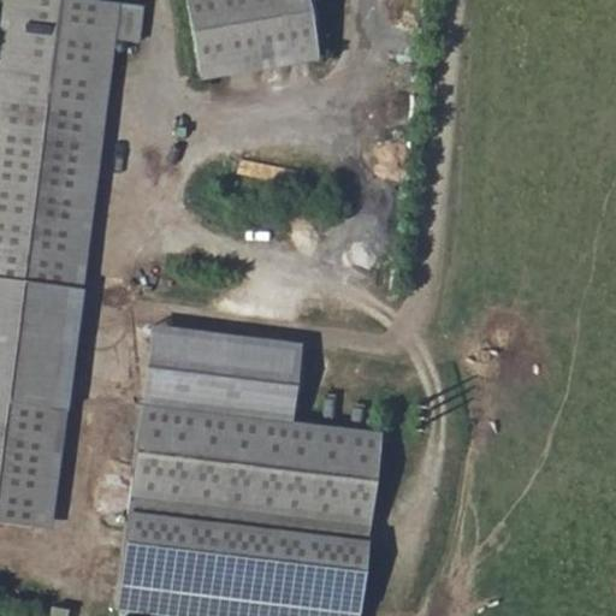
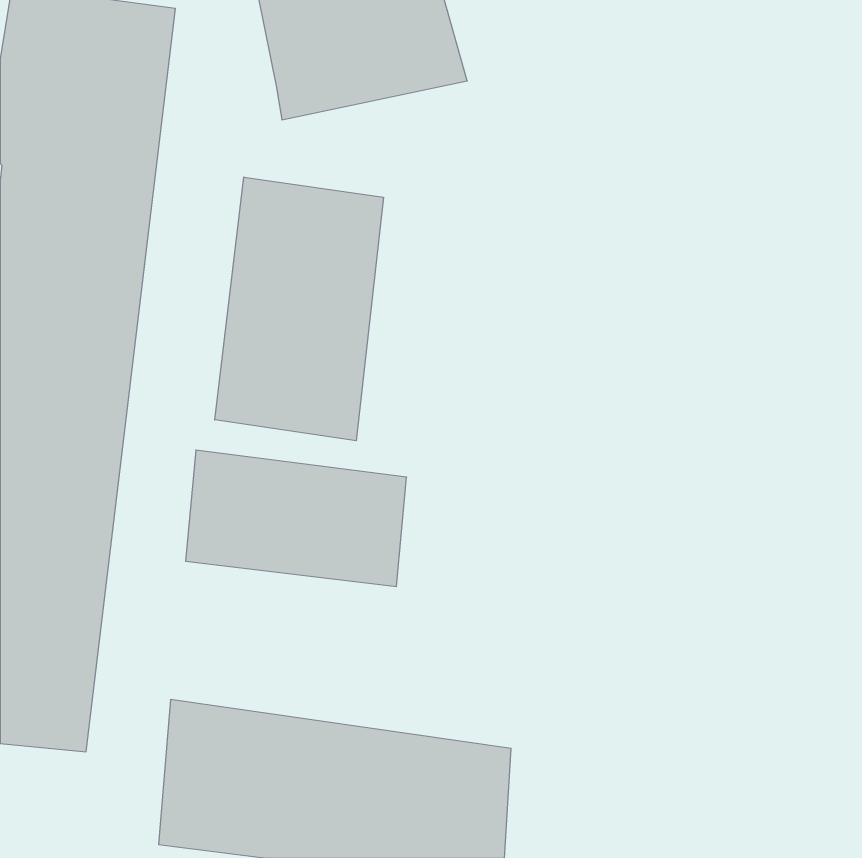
building: none -> [215,177,383,441]
building: [122,401,374,534] -> none

